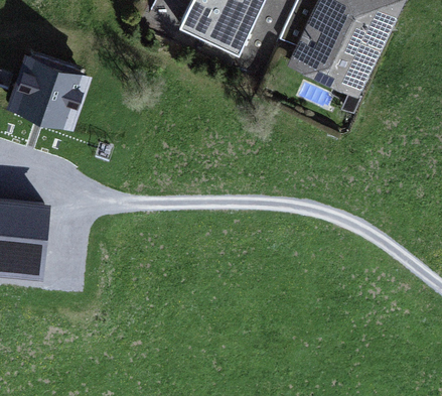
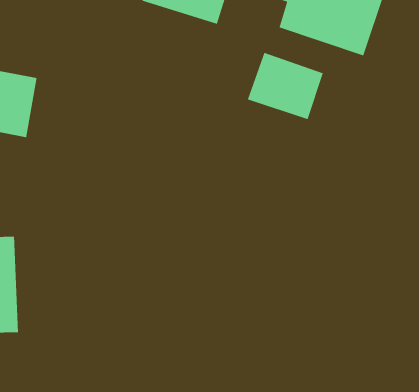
building: none -> [247,52,324,120]

